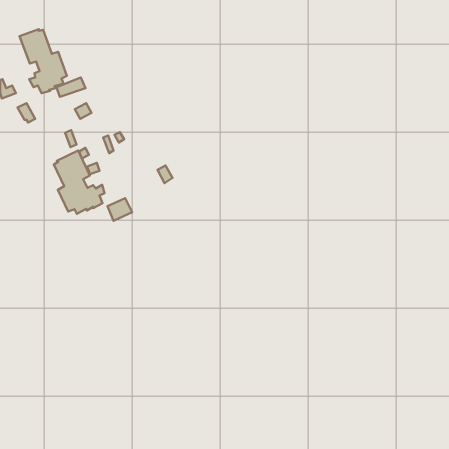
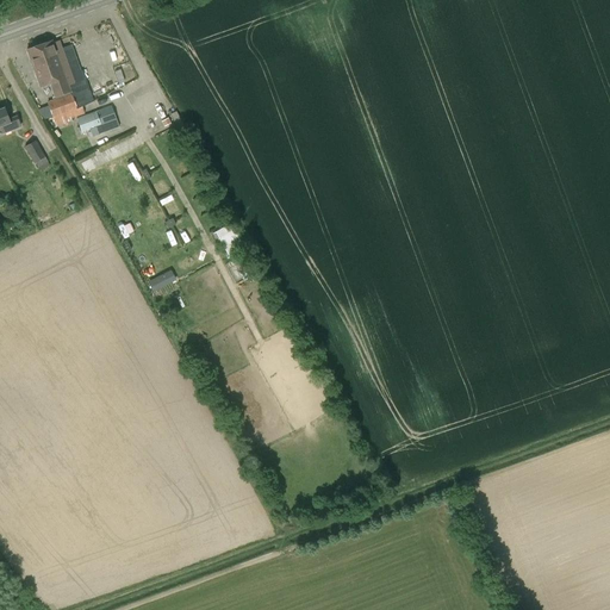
building: [54,150,104,214] -> none

